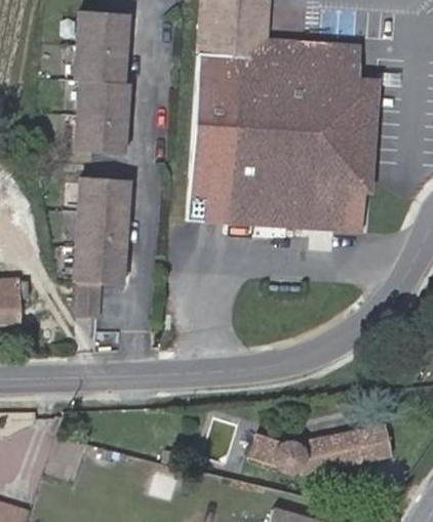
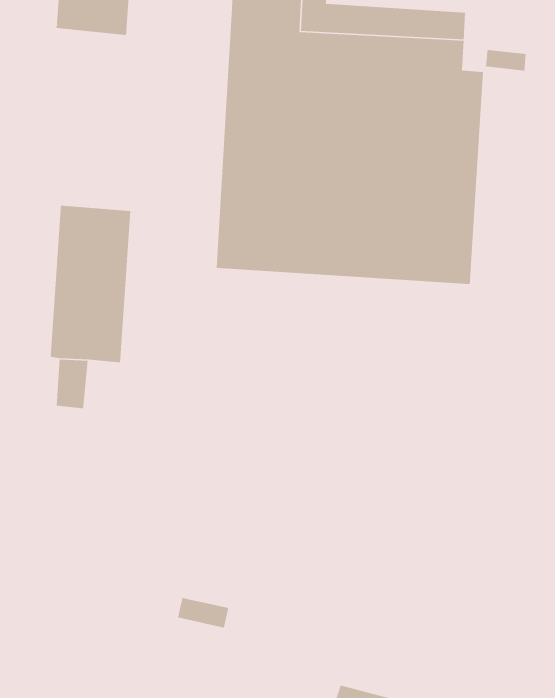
building: [76,54,130,155] -> none
building: [251,421,393,475] -> none

